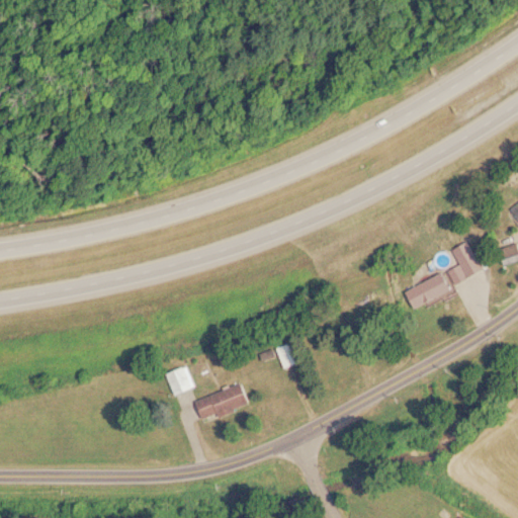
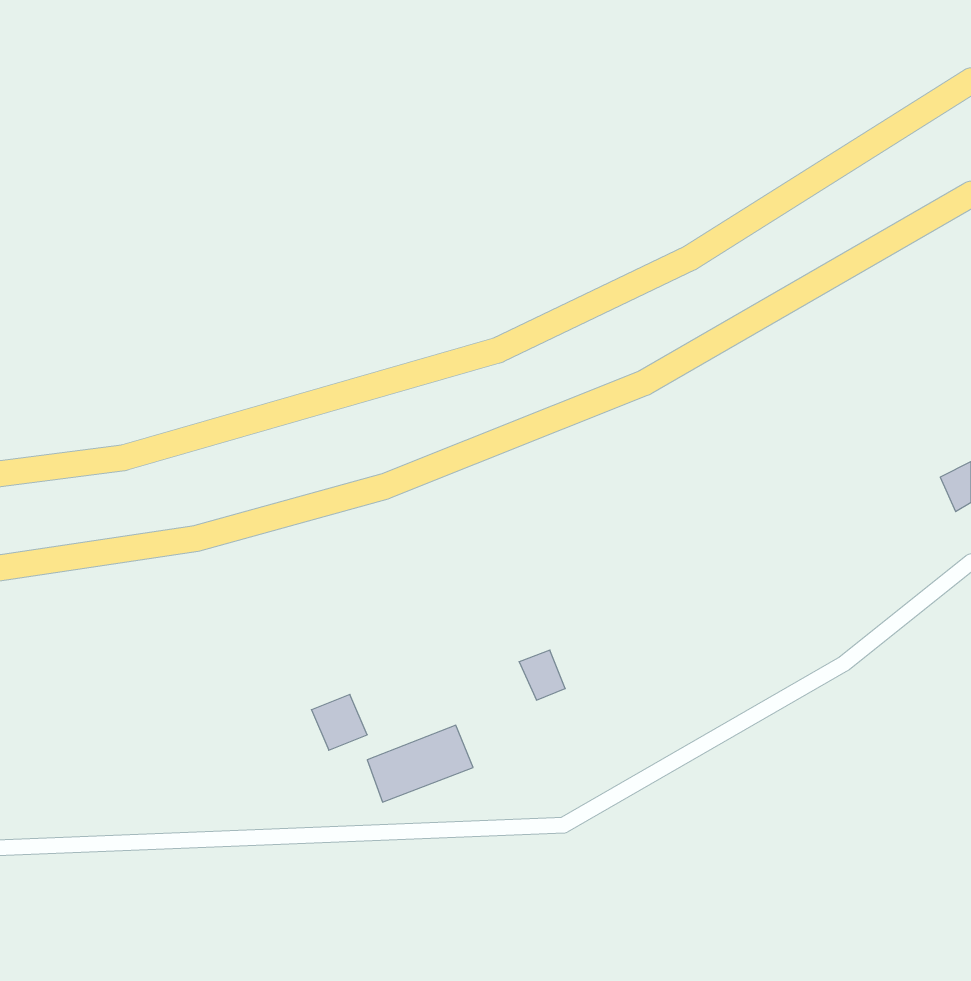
building: [450,243,481,280] -> none
building: [411,272,449,307] -> none

